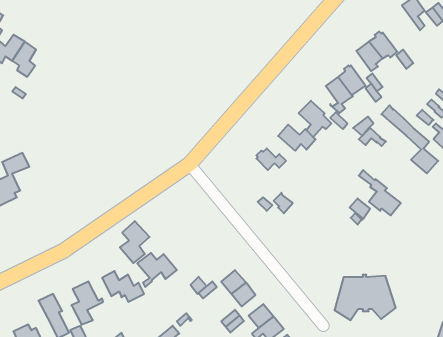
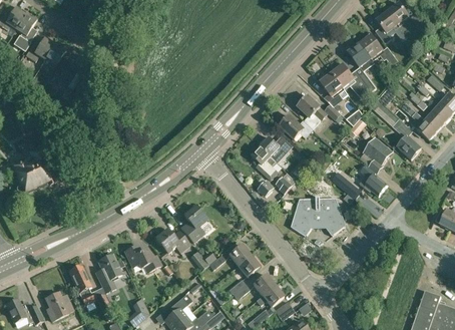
building: none -> [375,10,407,42]
building: none -> [362,136,392,173]
building: none -> [251,145,278,180]
building: [120,221,150,263] -> [181,205,207,242]
building: [334,275,396,320] -> [291,196,345,236]

